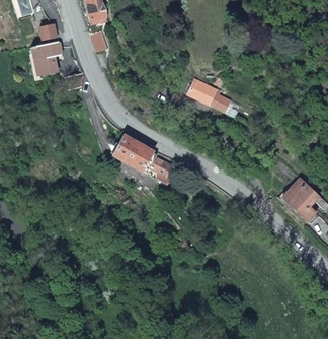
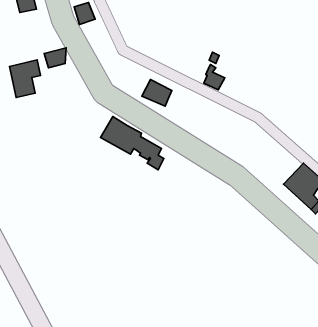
building: [32,41,61,75] -> [10,60,41,98]
building: [186,79,214,104] -> [142,80,172,106]

